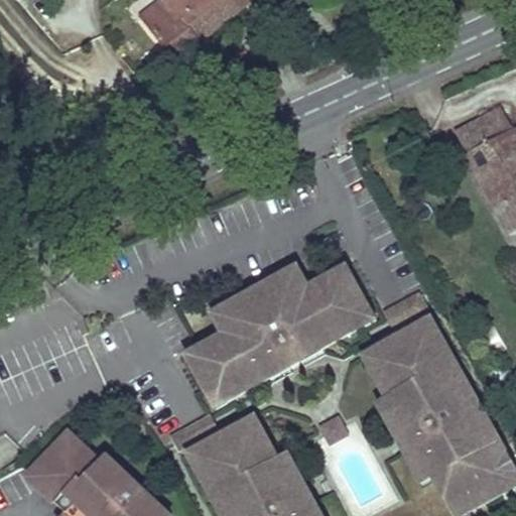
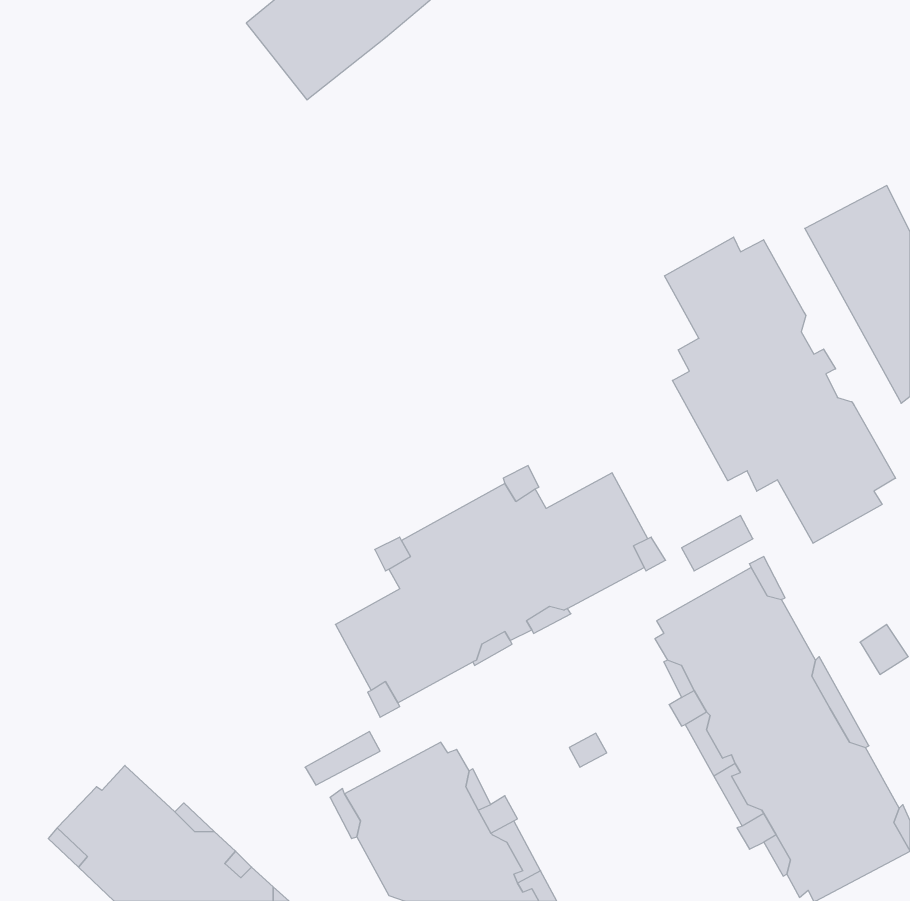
building: none -> [665,237,896,543]

